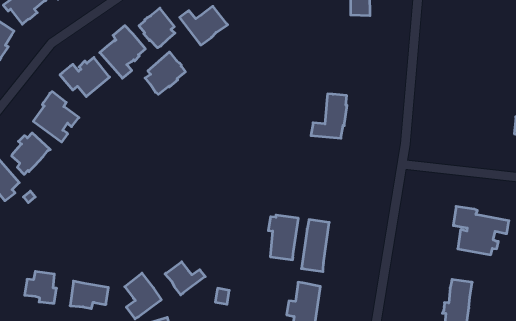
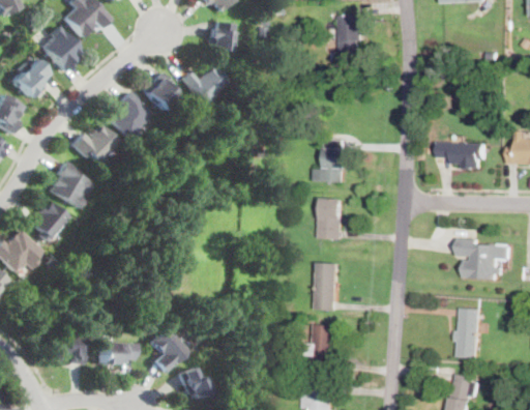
building: [145,52,185,94] -> none
building: none -> [440,142,488,169]
building: [268,215,298,260] -> [316,198,344,239]
building: [165,262,205,295] -> none

